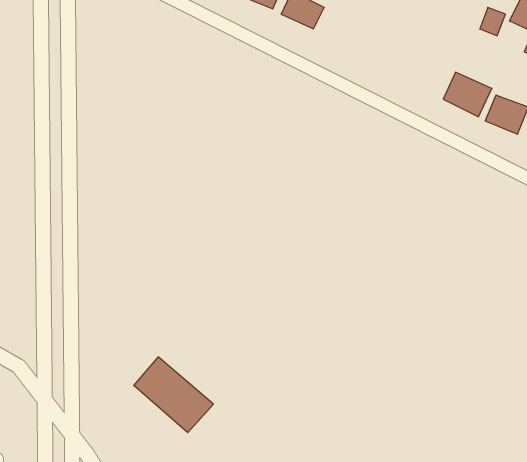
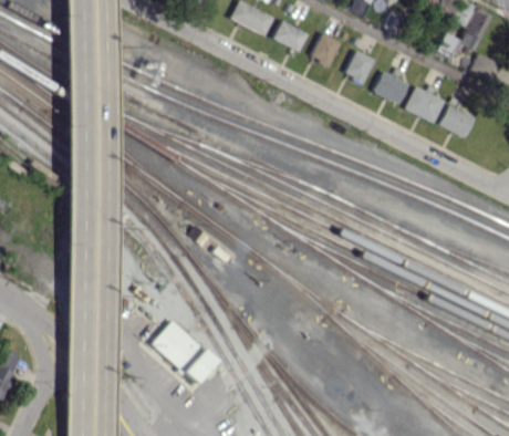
building: none -> [311,33,340,65]
building: none -> [344,50,374,83]
building: none -> [373,71,409,104]

